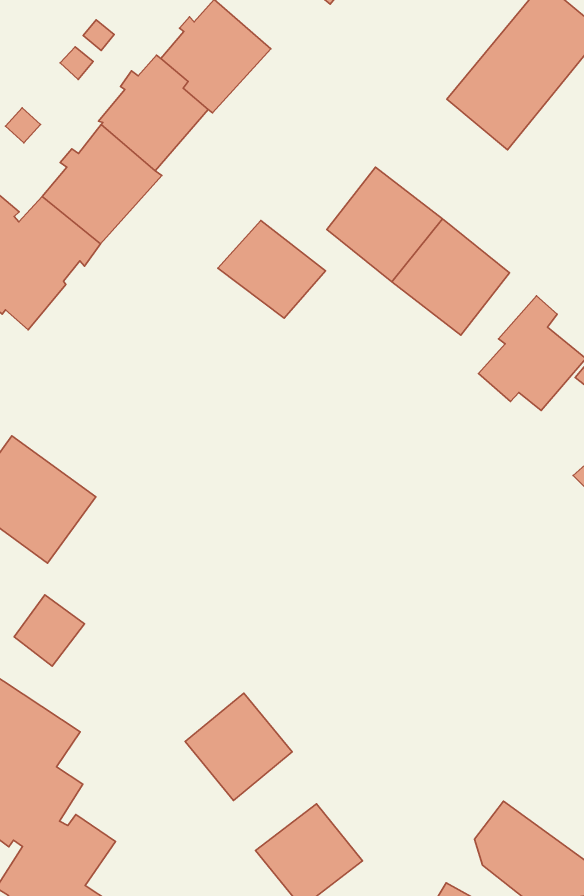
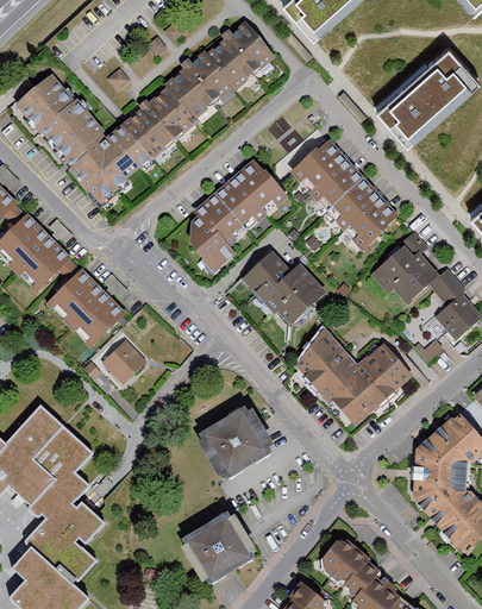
building: none -> [188,184,257,271]
building: none -> [242,251,326,327]
building: none -> [292,332,413,428]
building: [14,595,84,666] -> [101,339,145,383]
building: [185,693,292,800] -> [206,410,270,475]

